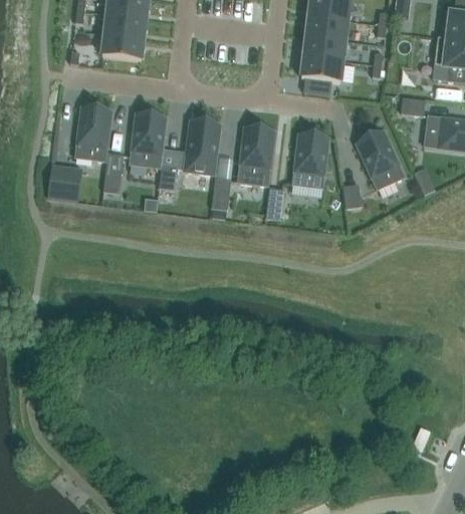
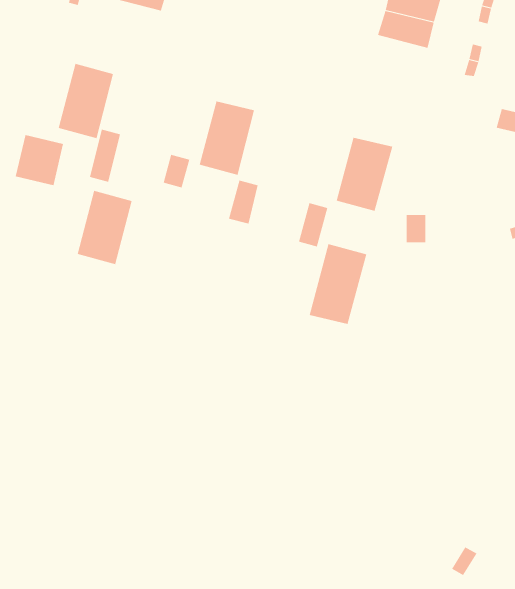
building: [301,55,342,94] -> none
building: [130,113,166,167] -> [77,190,133,265]
building: [237,126,274,185] -> [309,243,367,324]
building: [358,131,404,190] -> none

